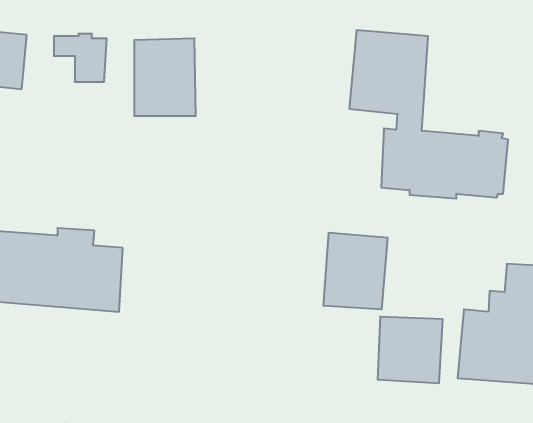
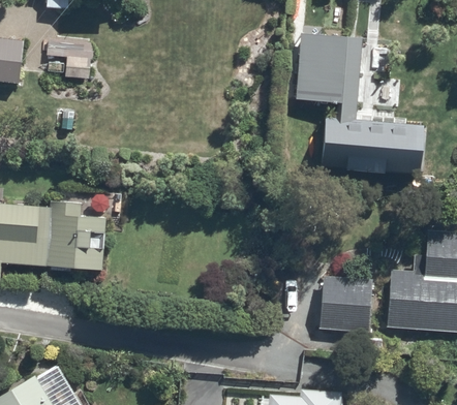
building: [135,38,195,116] -> none
building: [324,233,388,309] -> none

